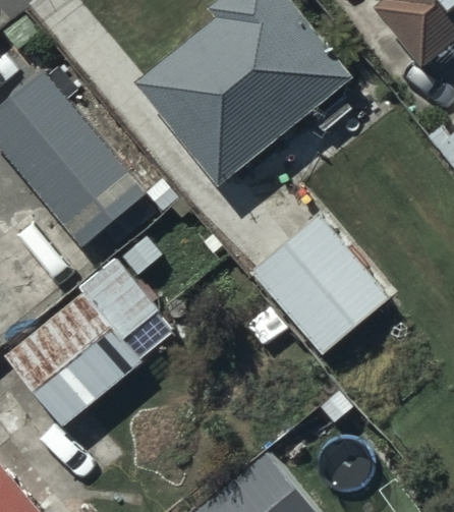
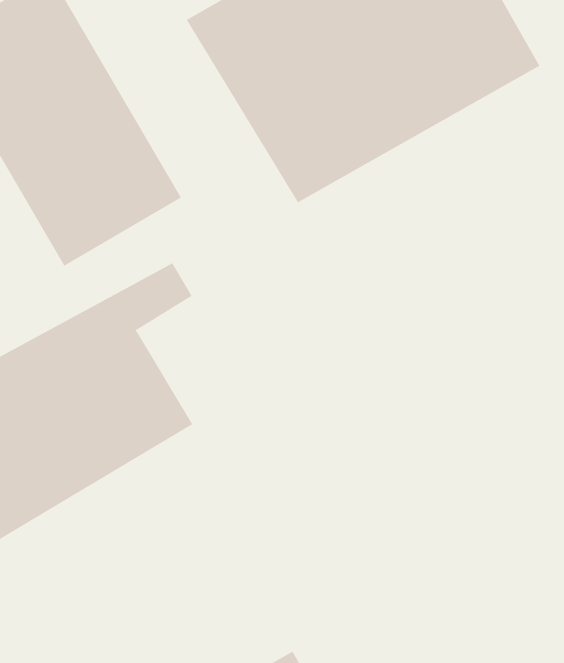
building: [250,217,388,356] -> none

